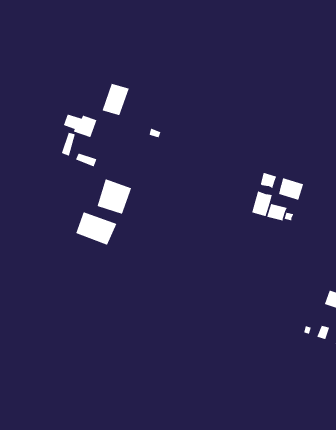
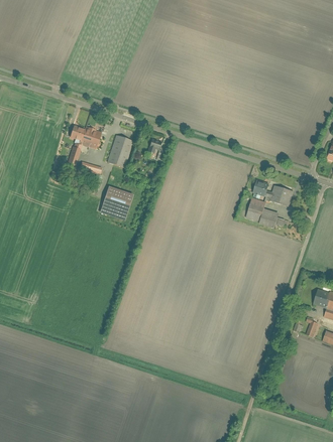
building: [102,83,130,116] -> [107,136,133,167]
building: [75,211,117,246] -> none

